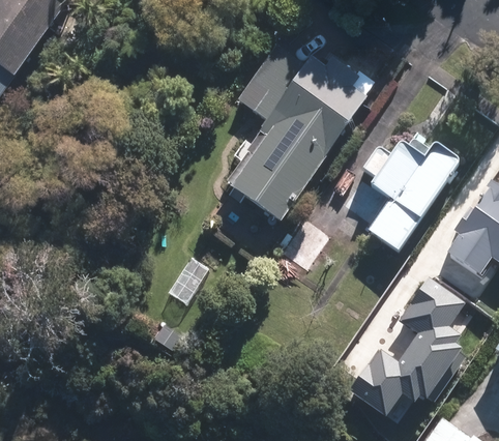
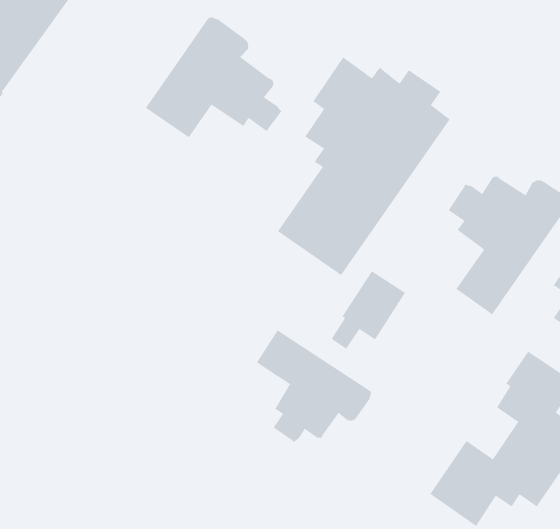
building: none -> [145,17,282,138]
building: none -> [256,329,371,443]

